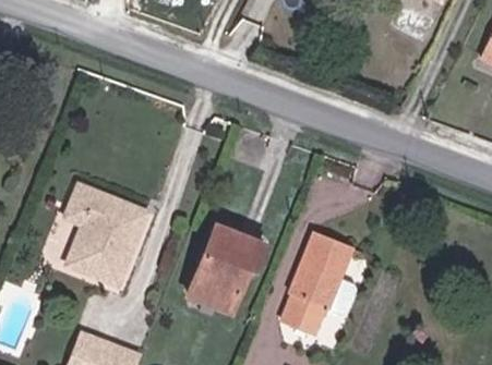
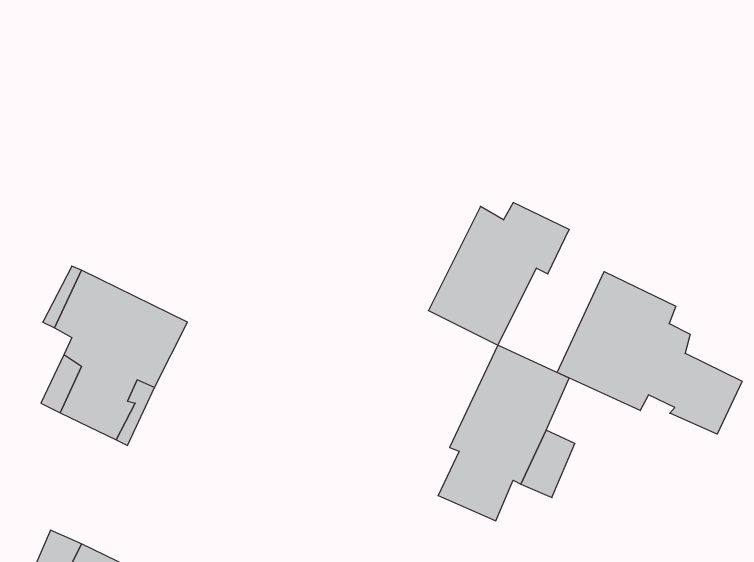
building: none -> [557,272,742,434]
building: [190,227,269,307] -> [428,203,569,345]

